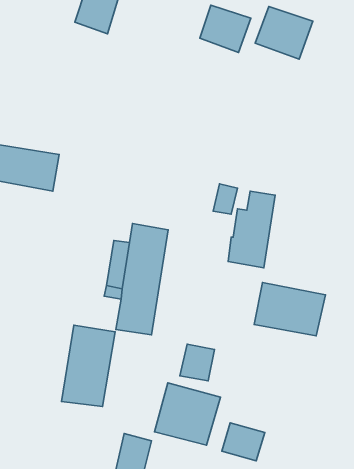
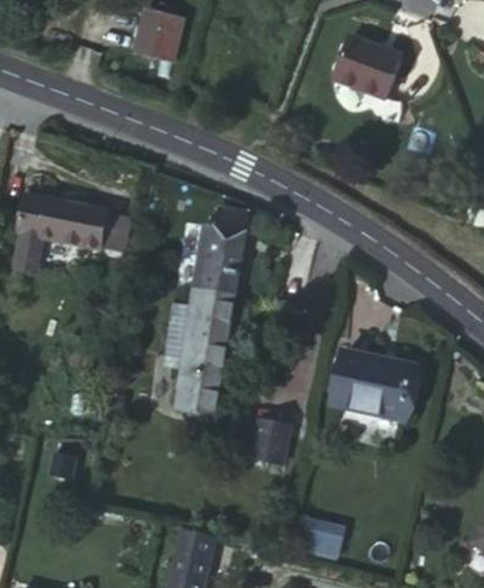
building: [200,5,251,52] -> none
building: [228,191,275,268] -> [194,207,248,295]
building: [62,325,115,407] -> none
building: [154,383,221,445] -> none

